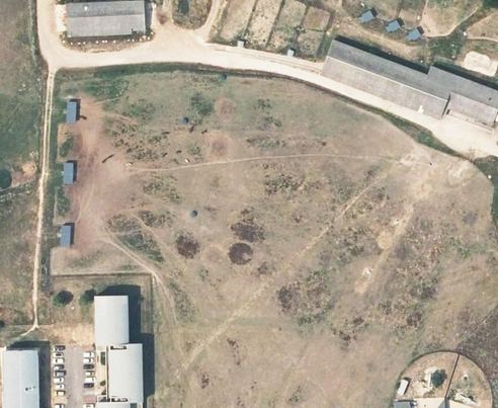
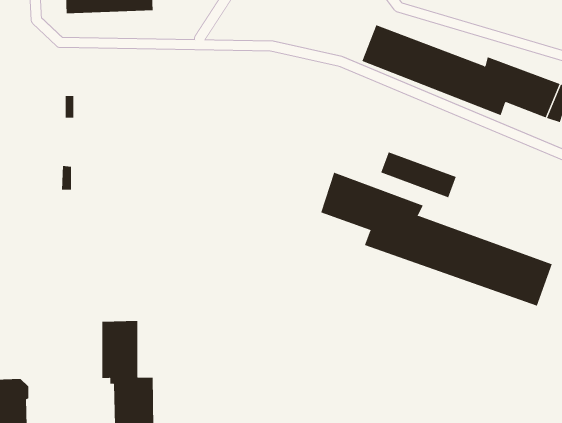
building: none -> [381,151,457,198]
building: none -> [320,172,552,307]

